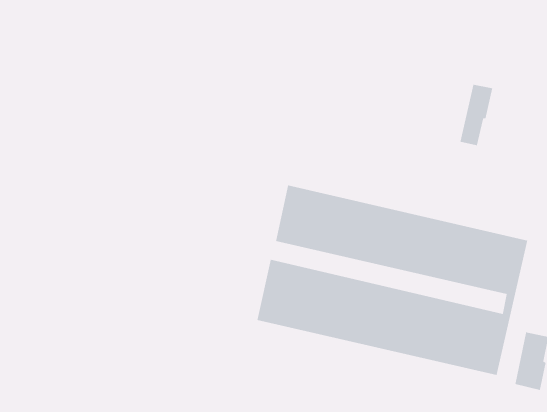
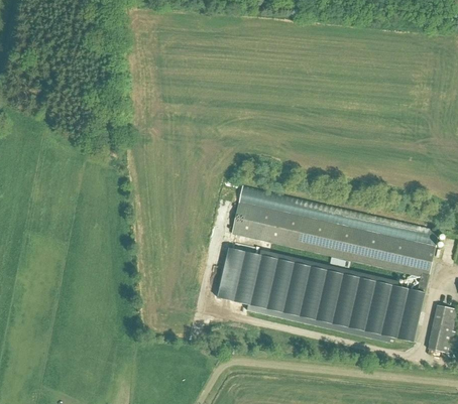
building: [459,84,493,146] -> none

